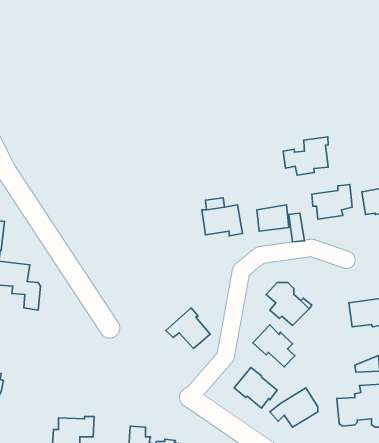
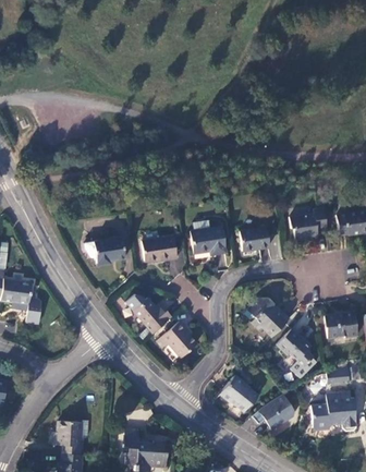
building: [283,137,328,175] -> none
building: none -> [142,237,178,263]
building: none -> [94,238,125,266]
building: none -> [125,294,172,334]
building: [253,325,295,367] -> [276,328,314,366]

